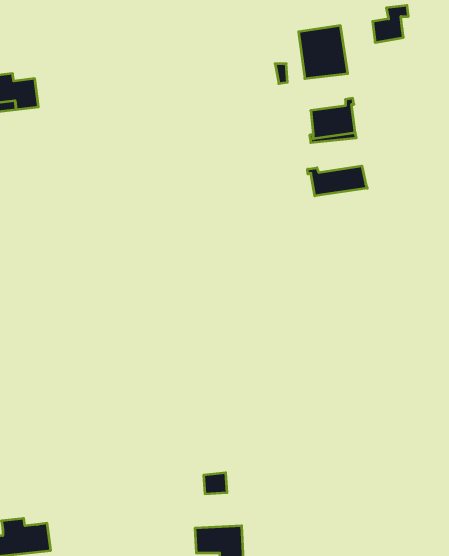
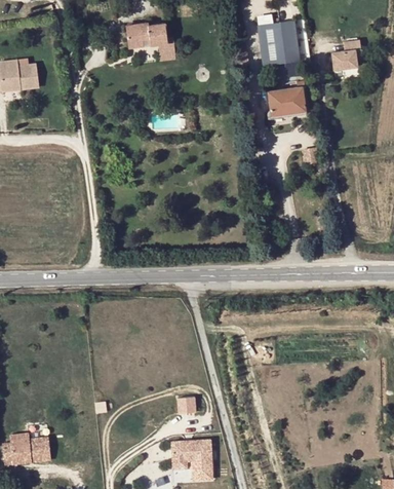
building: [373,5,408,42] -> [330,39,360,70]
building: none -> [125,24,167,49]
building: [308,166,367,196] -> none

